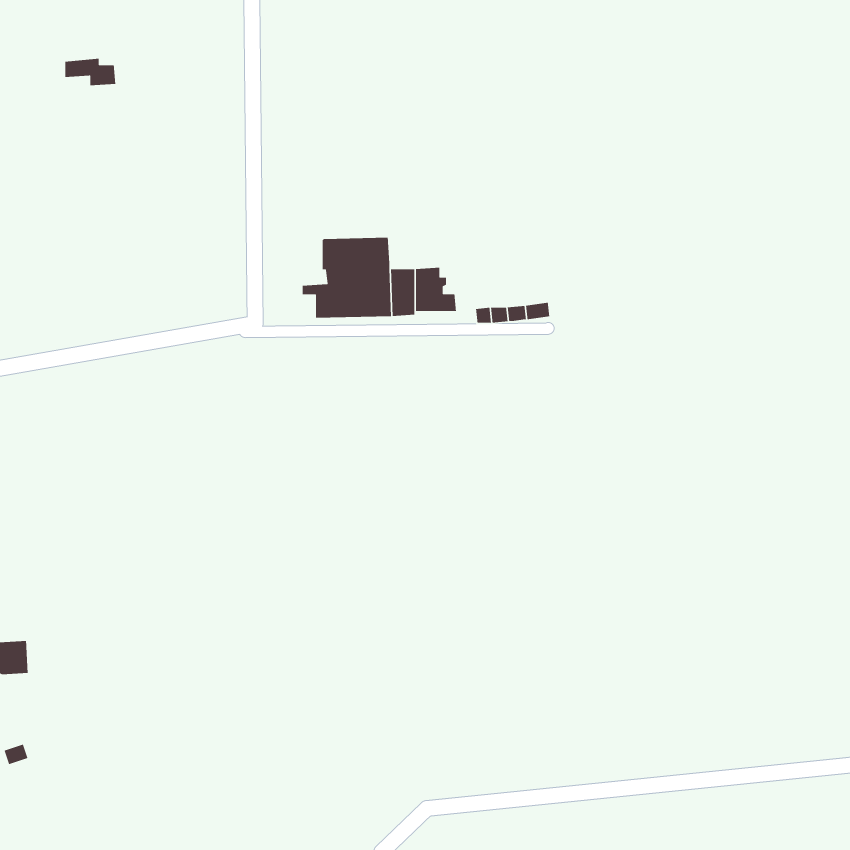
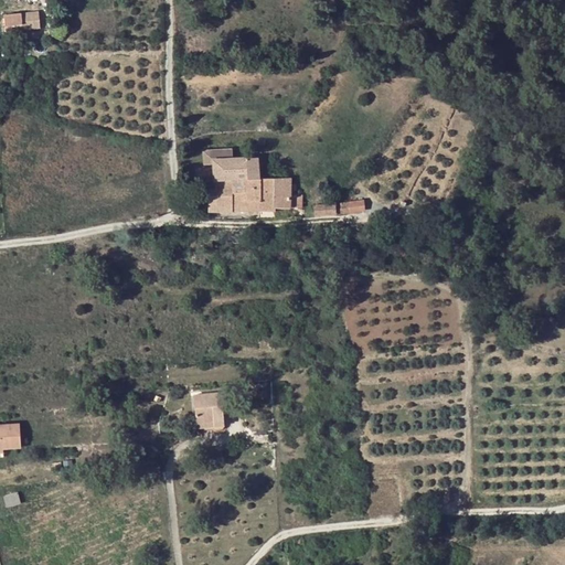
building: [65,58,116,86] -> [4,12,39,31]
building: none -> [192,393,225,431]

